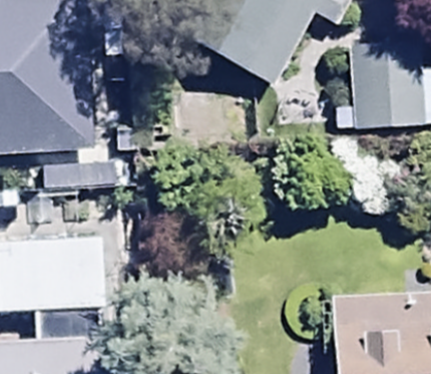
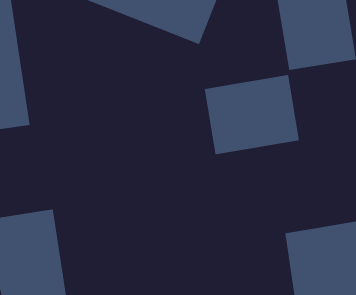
building: none -> [204,74,300,155]

